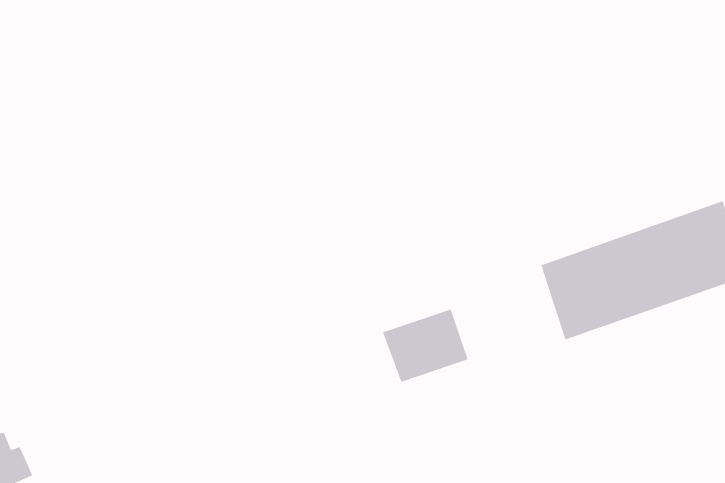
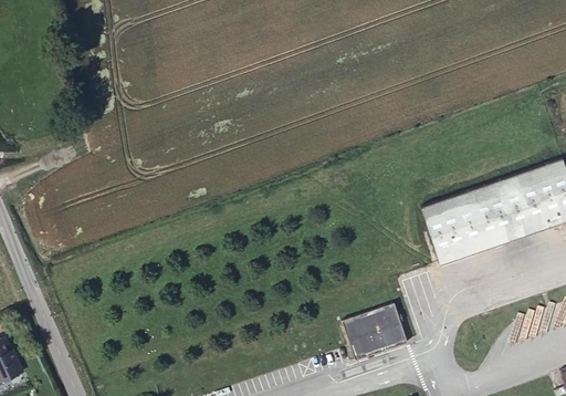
building: [382,309,468,382] -> [340,308,407,364]

